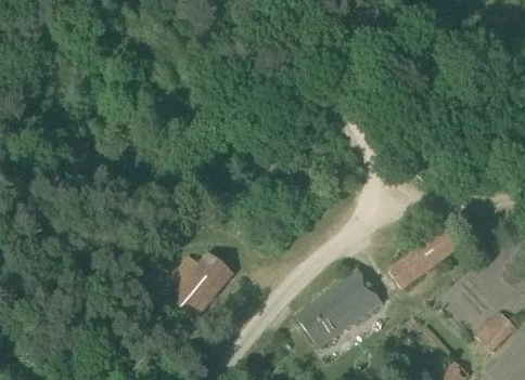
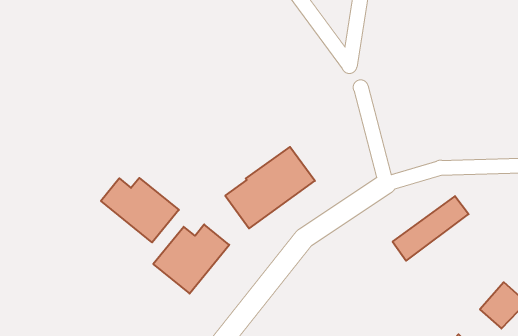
building: none -> [101,178,179,242]
building: [296,270,382,348] -> [225,147,315,228]

